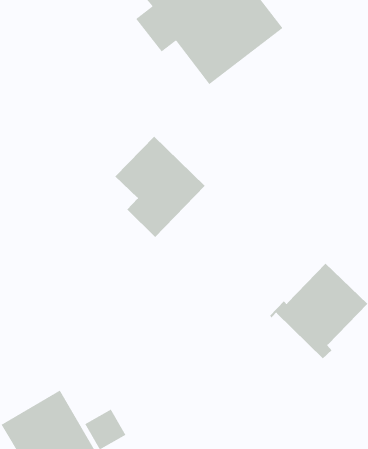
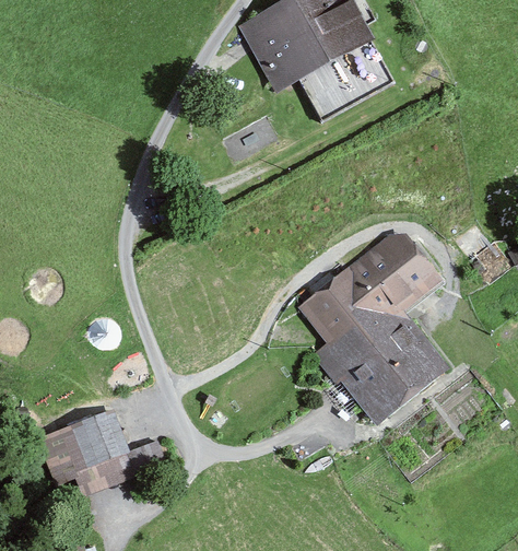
building: [115,136,206,238] -> none
building: none -> [307,239,432,367]

